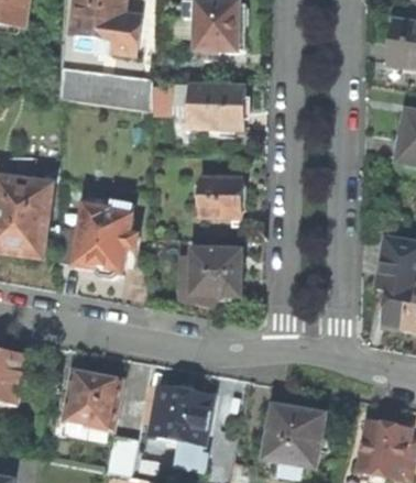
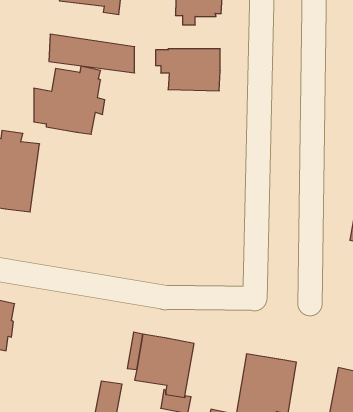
building: [196,176,243,213] -> none
building: [59,201,134,273] -> [34,66,105,134]
building: [177,249,238,303] -> none
building: [62,370,120,429] -> none

